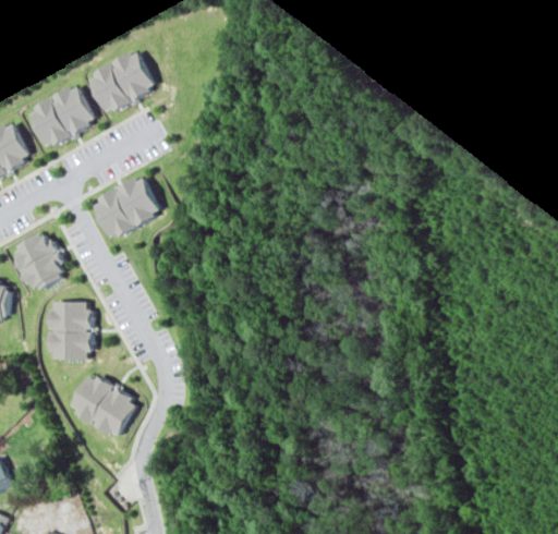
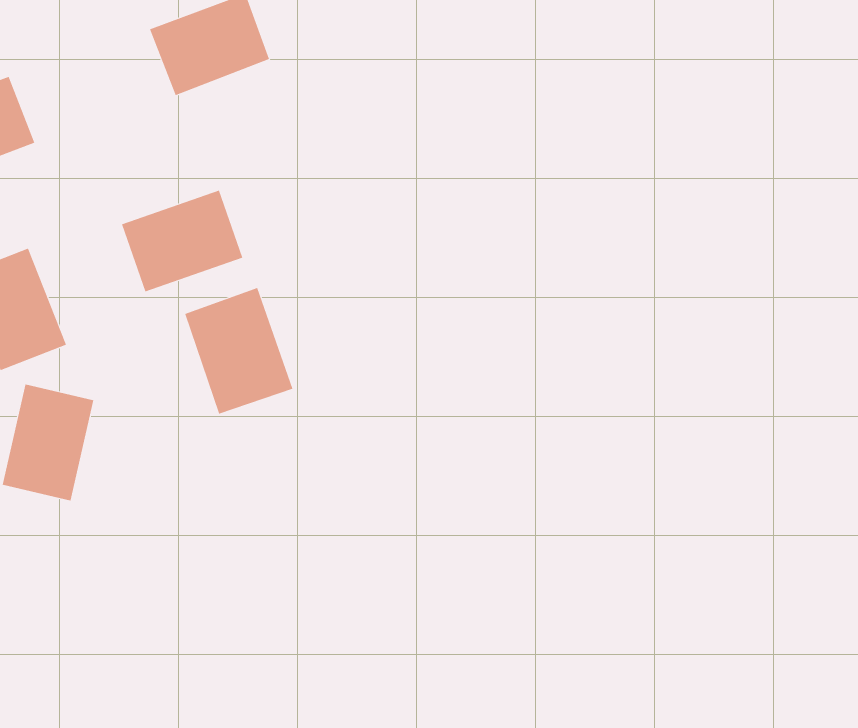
building: [26,87,98,153] -> none
building: none -> [185,287,293,414]
building: [66,372,140,441] -> none

